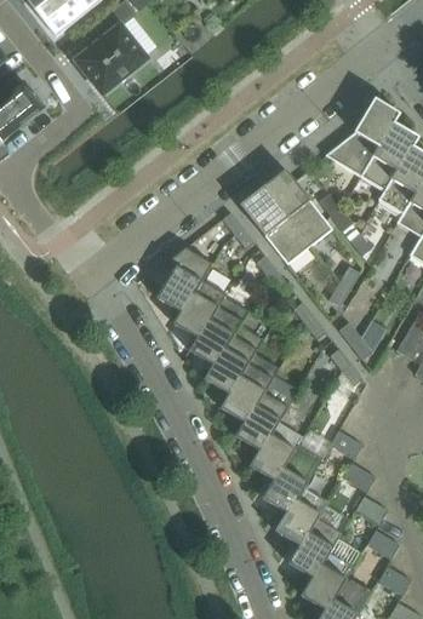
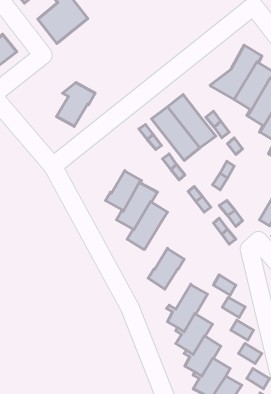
building: [156,247,212,311] -> [57,82,95,127]
building: [221,353,279,422] -> none
building: [250,422,302,480] -> none

